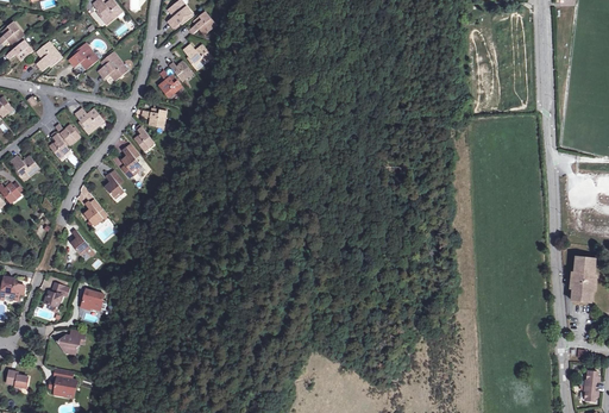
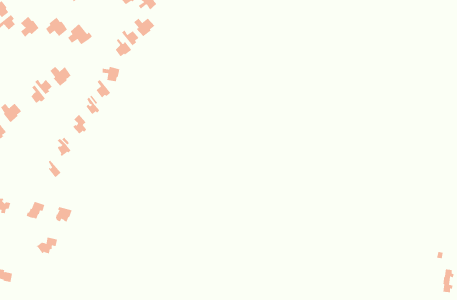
building: [570,256,596,302] -> none
building: [49,368,77,398] -> none

